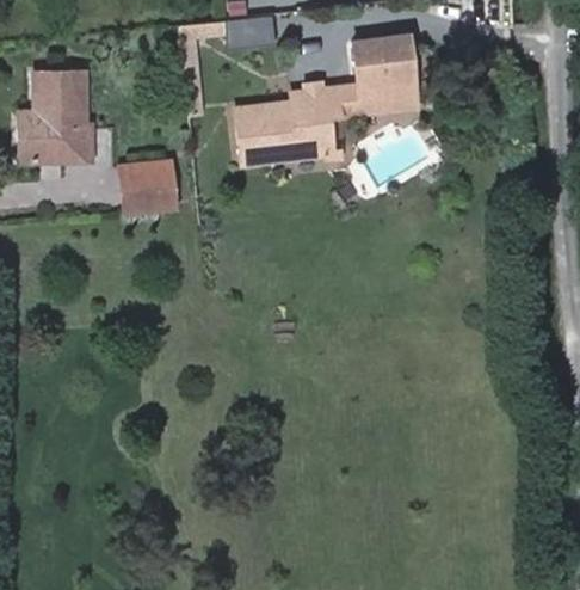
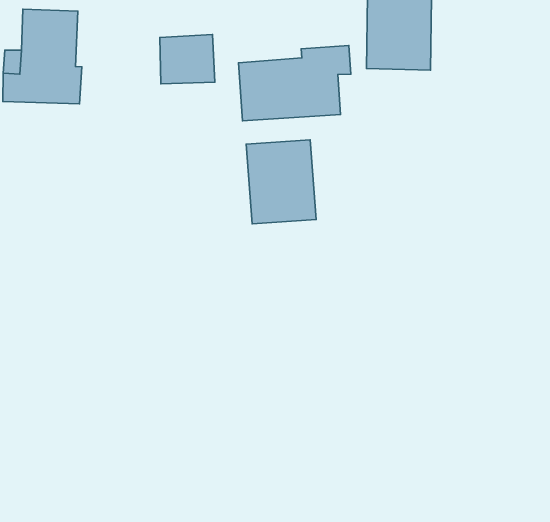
building: [122,160,175,209] -> [160,35,215,84]
building: none -> [246,140,316,224]

